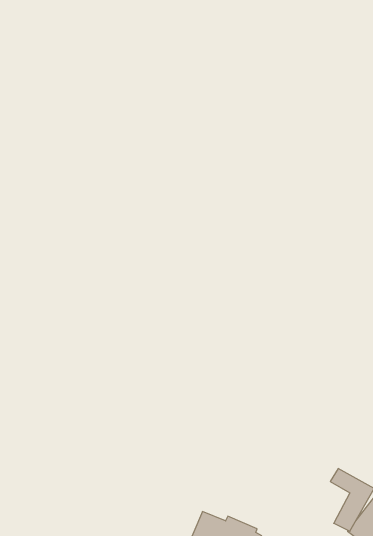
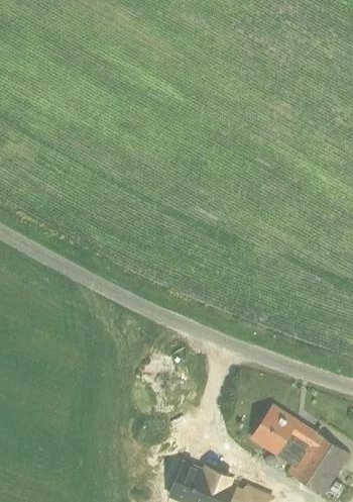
building: none -> [251,417,290,453]

